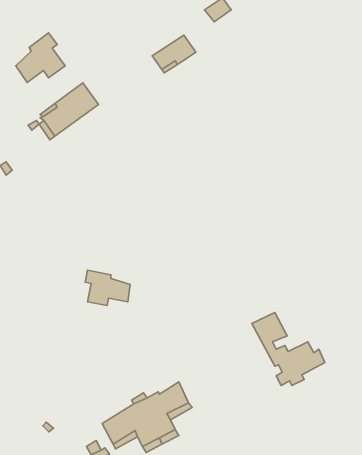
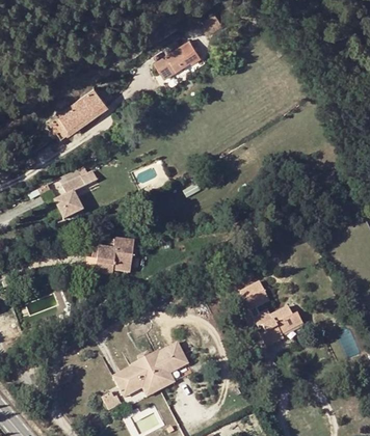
building: [16,33,65,82] -> none
building: none -> [55,171,94,218]

